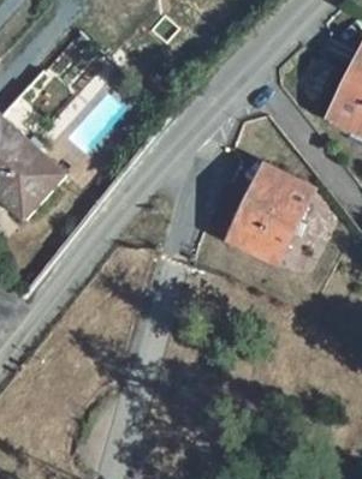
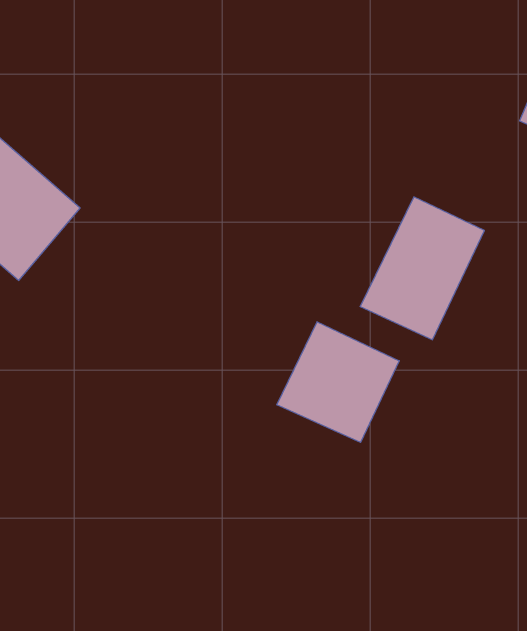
building: none -> [277,322,399,442]

